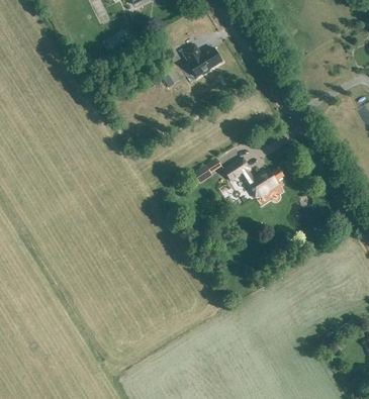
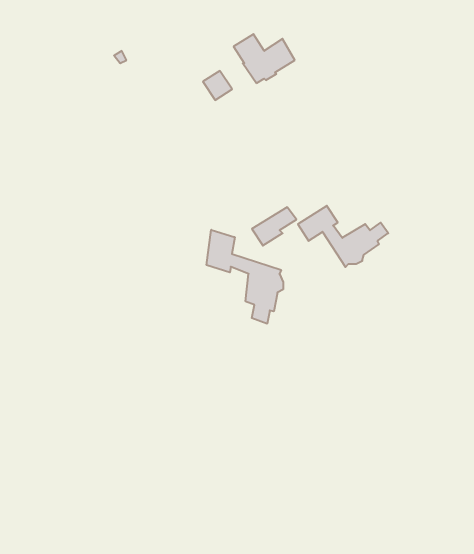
building: none -> [207,230,283,324]

